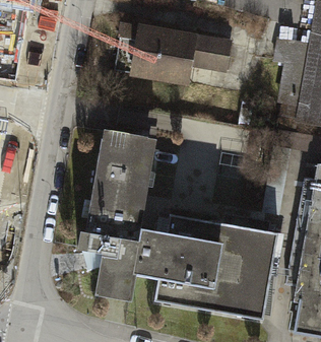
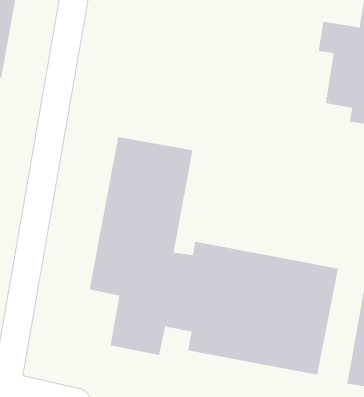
building: [132,23,233,86] -> none

